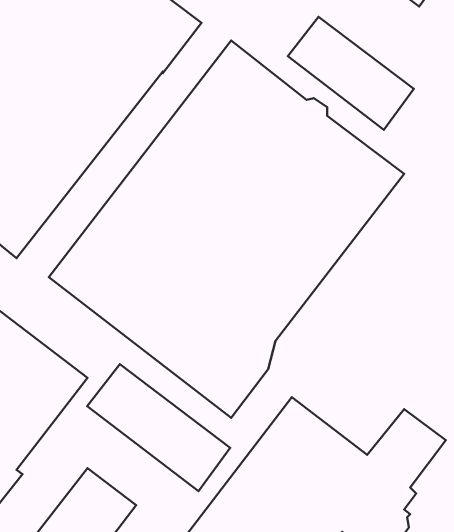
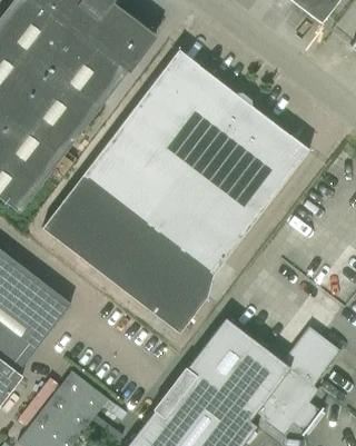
building: [288,17,414,130] -> none
building: [87,364,230,491] -> none

